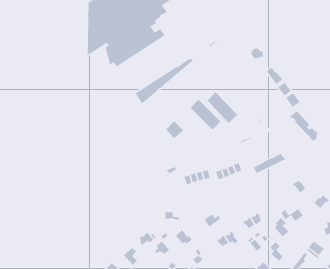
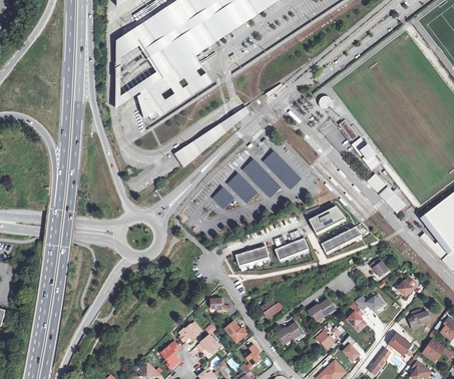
building: none -> [228,172,259,205]
building: none -> [309,207,345,234]

